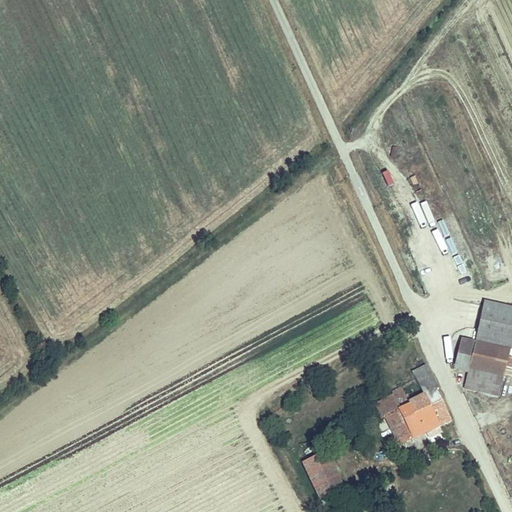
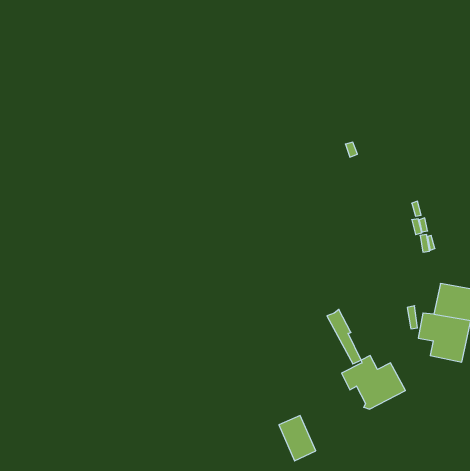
building: [413,364,450,423] -> [327,309,361,364]

